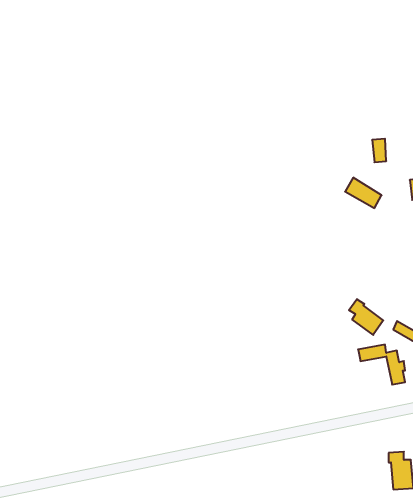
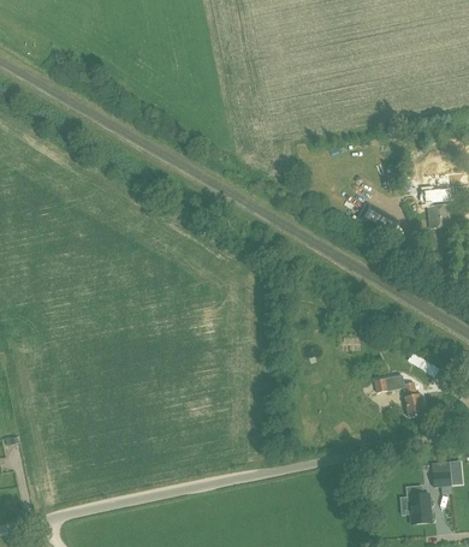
building: [349,299,383,335] -> none

